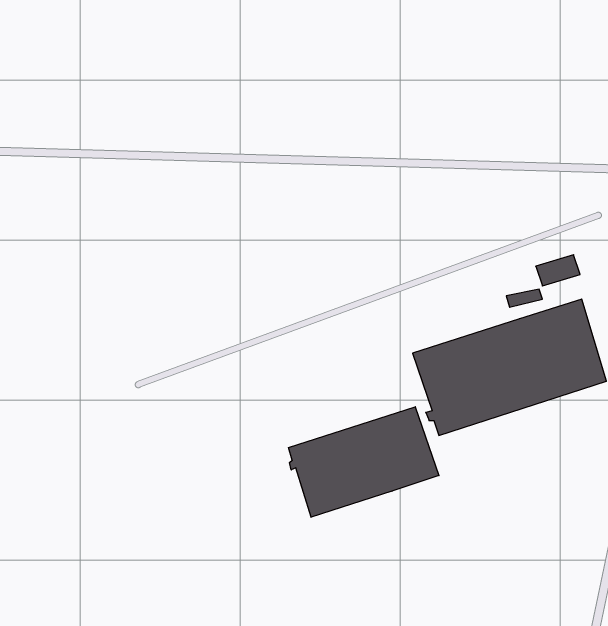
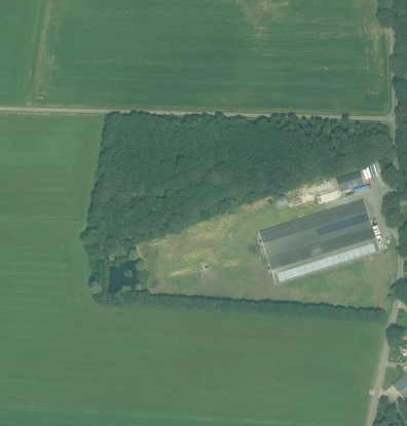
building: [288,407,439,517] -> none

